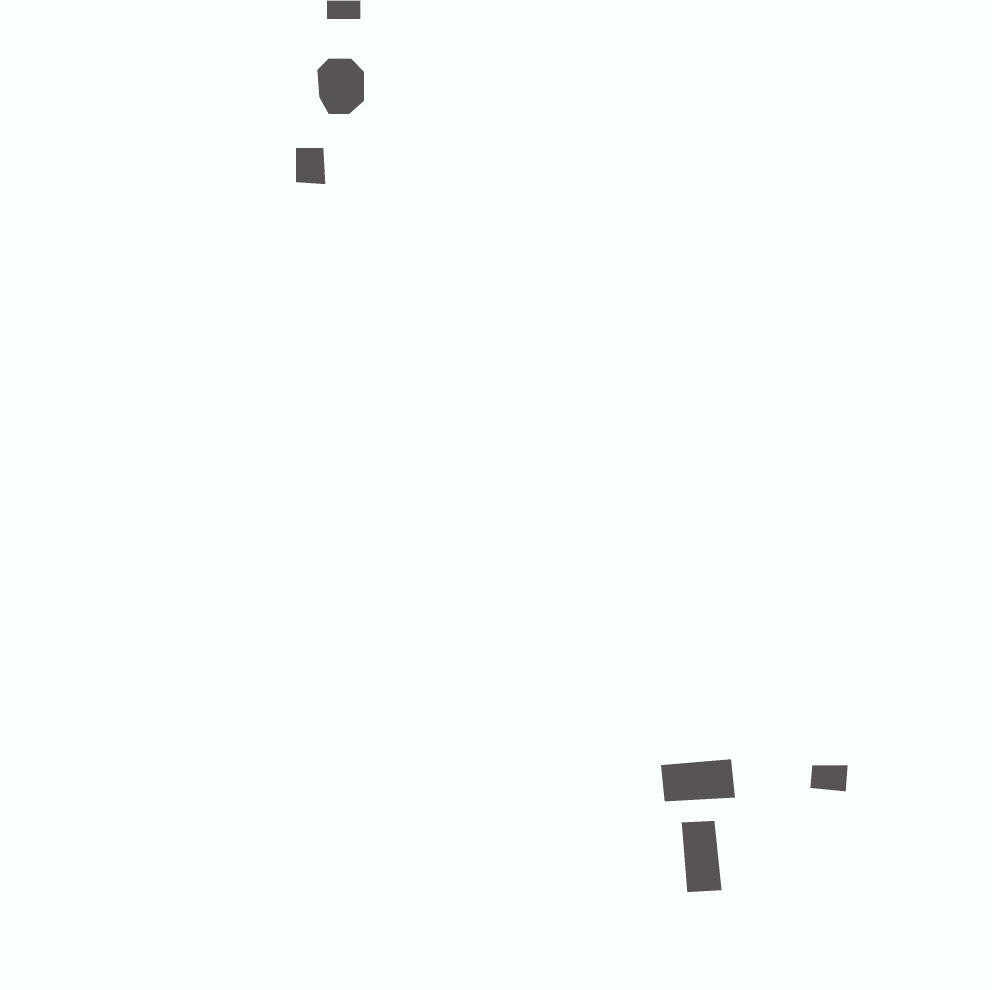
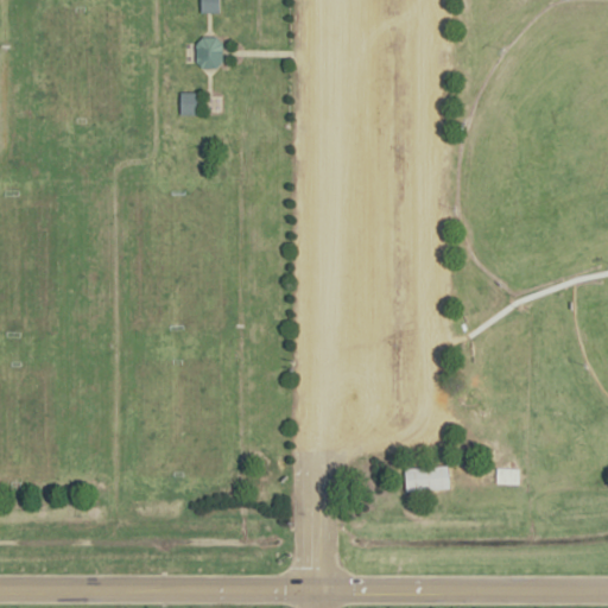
building: [681,820,722,893] -> none

